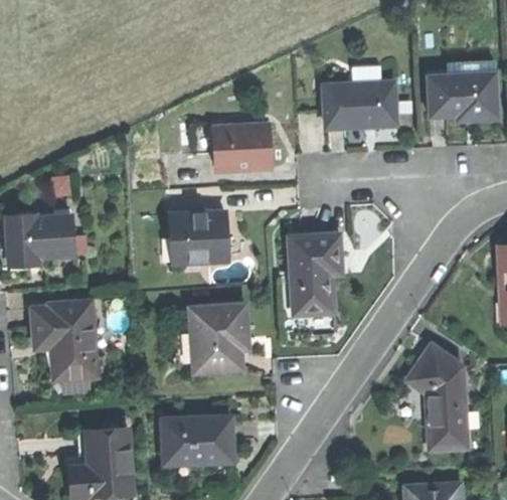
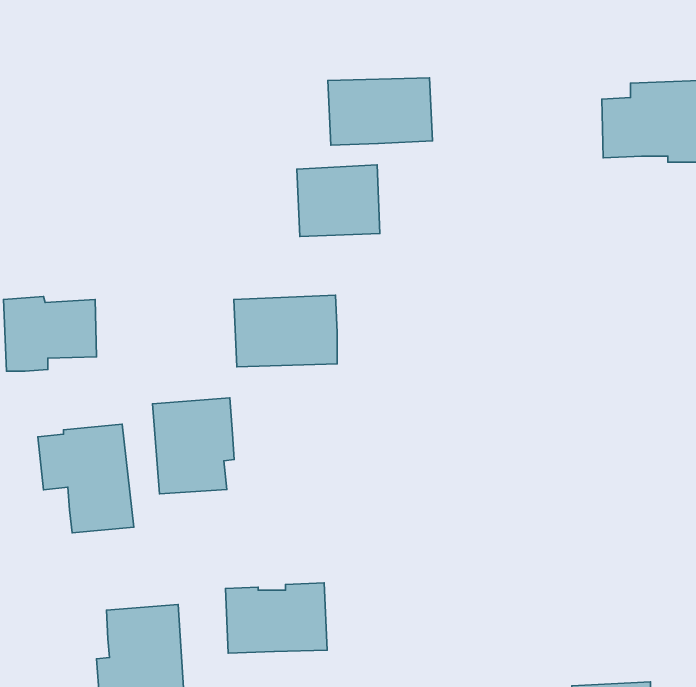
building: [323,80,396,128] -> [328,78,432,145]
building: [290,236,343,316] -> none
building: [190,305,247,372] -> [152,398,234,494]
building: [407,345,468,451] -> none

